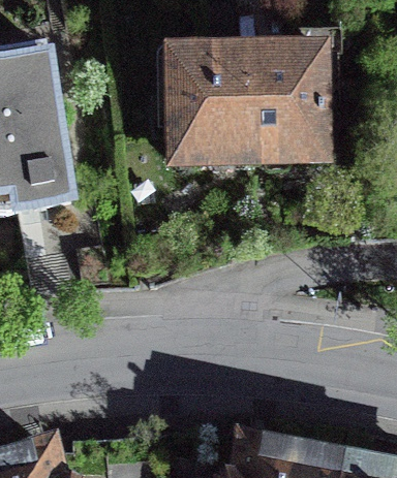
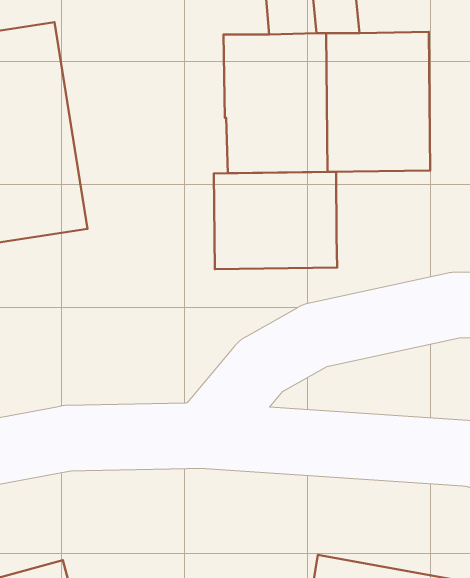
building: none -> [214,172,337,269]

